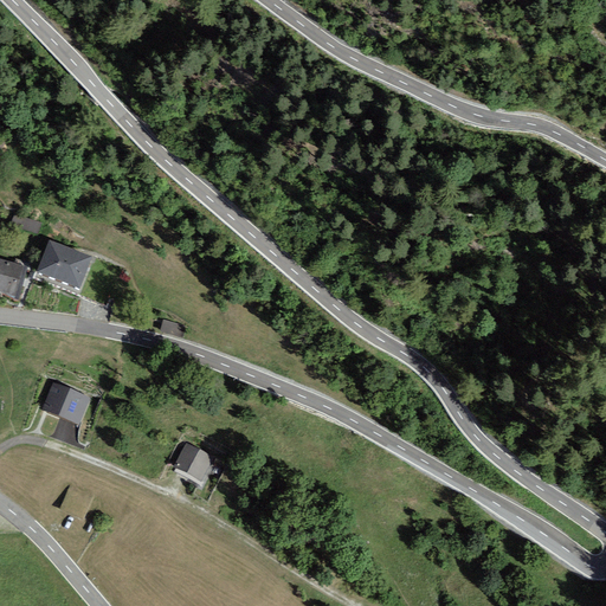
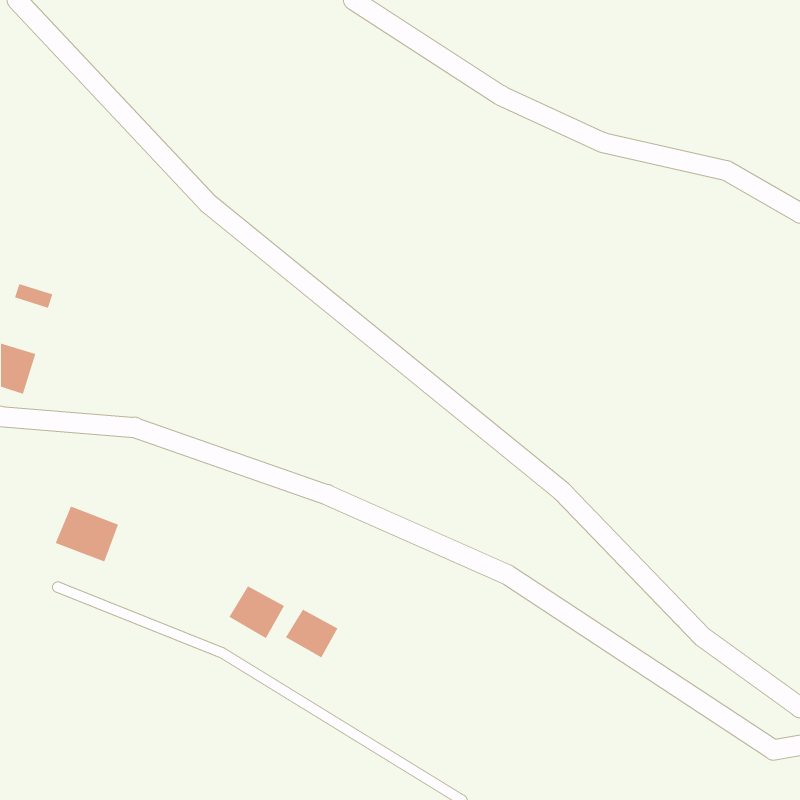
building: [37,240,92,289] -> none
building: none -> [285,609,338,658]

